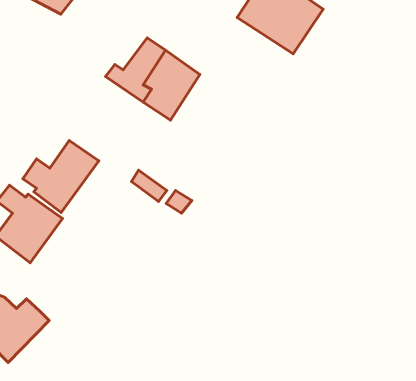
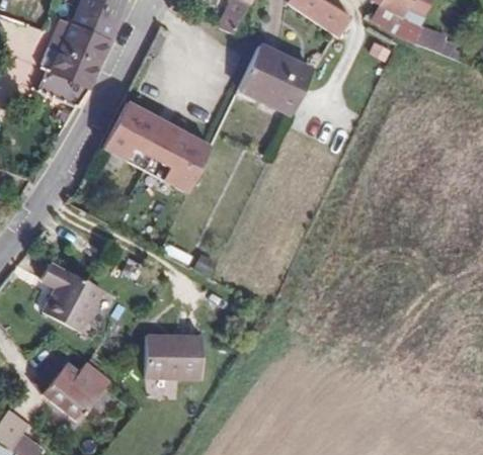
building: none -> [104,96,160,155]
building: [23,141,99,213] -> none
building: none -> [149,337,206,380]

